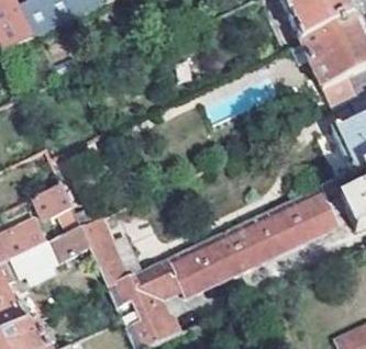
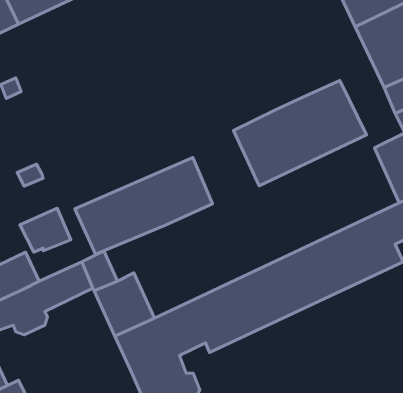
building: none -> [233,81,367,186]
building: none -> [75,157,213,254]

